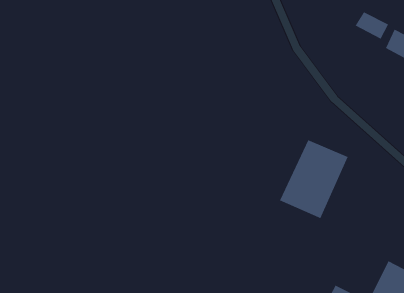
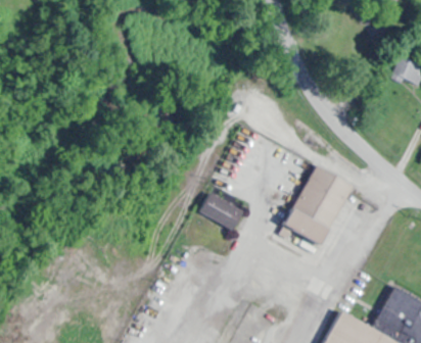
building: [355,11,389,40] -> none
building: none -> [198,193,243,231]

